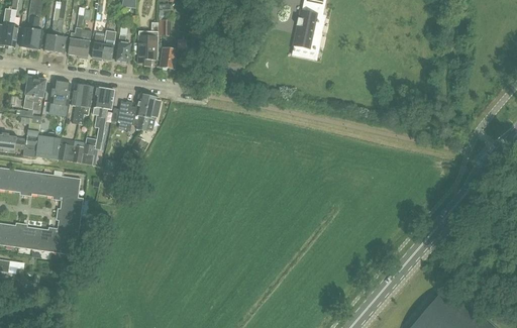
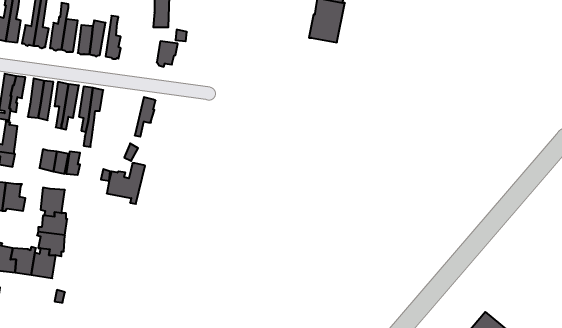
building: [134,23,159,67] -> none
building: [116,95,149,130] -> [107,163,145,204]
building: [35,135,61,159] -> none
building: [41,173,62,200] -> none

